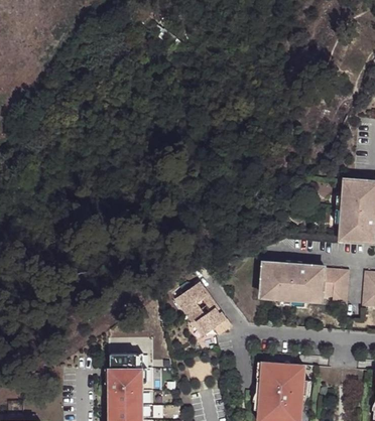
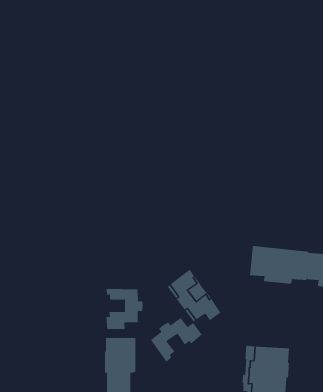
building: none -> [106,288,143,330]
building: none -> [150,317,202,362]

